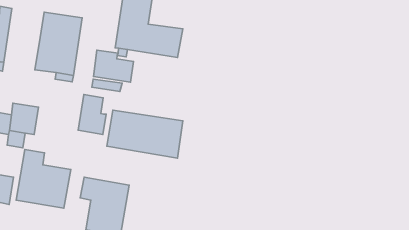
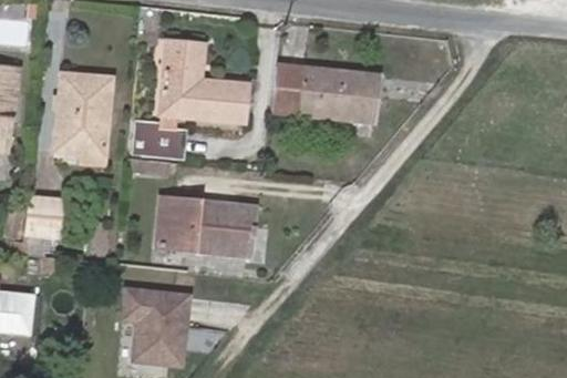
building: none -> [272,63,379,122]
building: [78,94,106,135] -> none
building: [16,150,71,208] -> none

